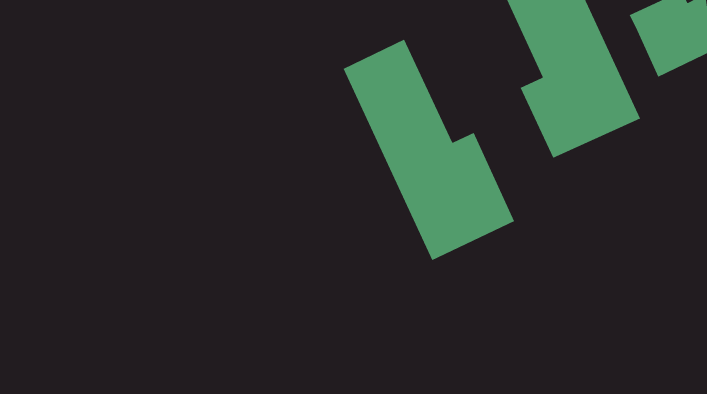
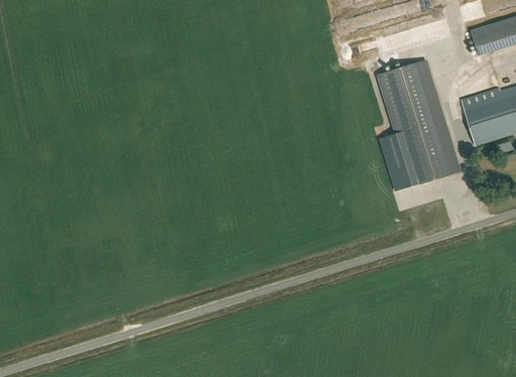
building: [342,38,515,261] -> none

